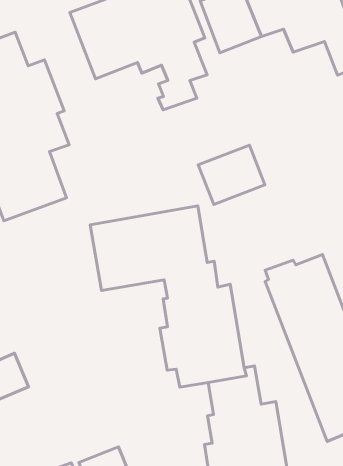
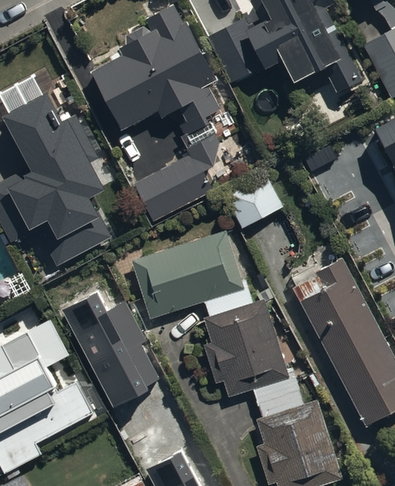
building: none -> [134,133,220,221]
building: none -> [61,295,158,412]

